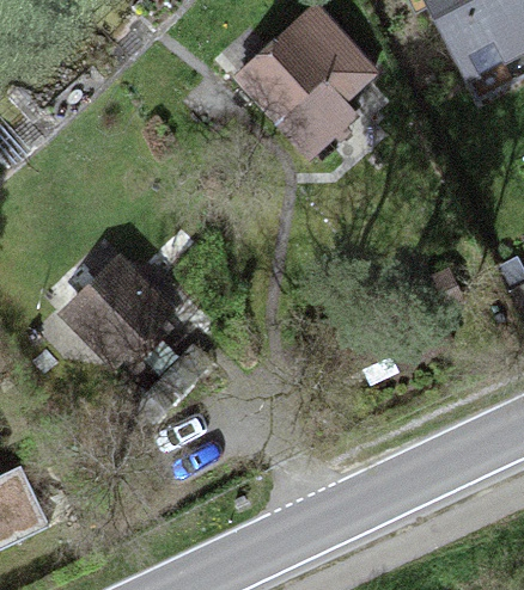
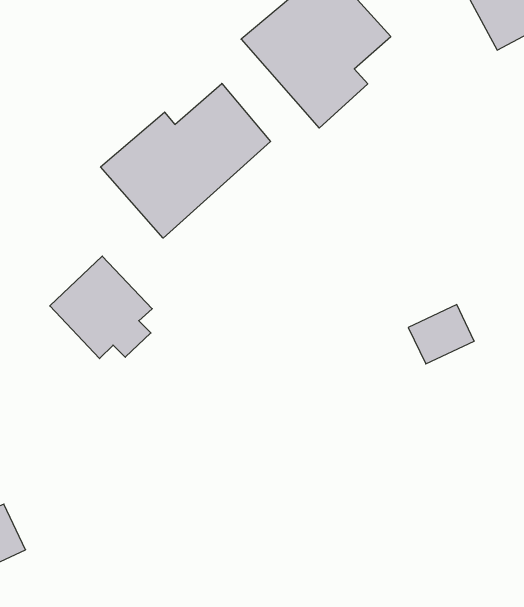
building: none -> [101,83,271,238]

